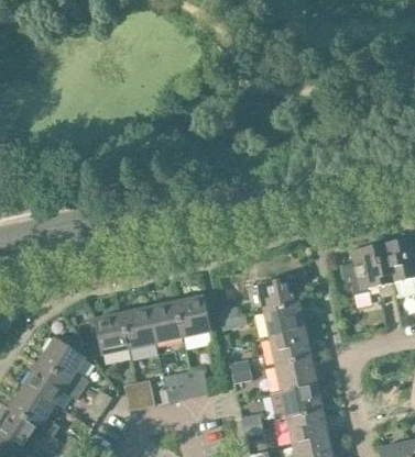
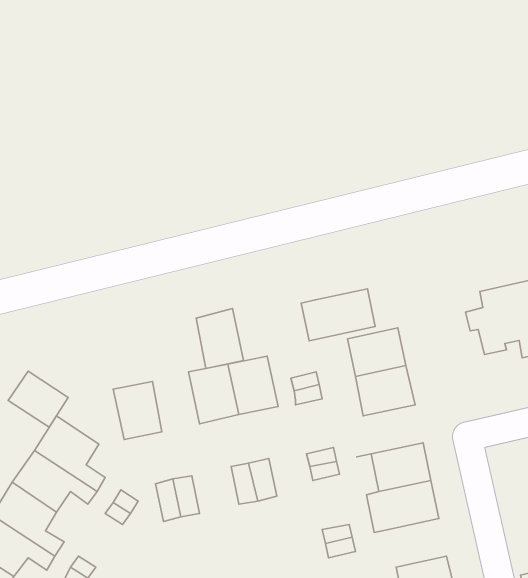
building: none -> [8,371,68,427]
building: [121,306,154,348] -> [196,309,244,368]
building: [259,330,310,366] -> [301,289,375,341]
building: [286,409,327,443] -> none

